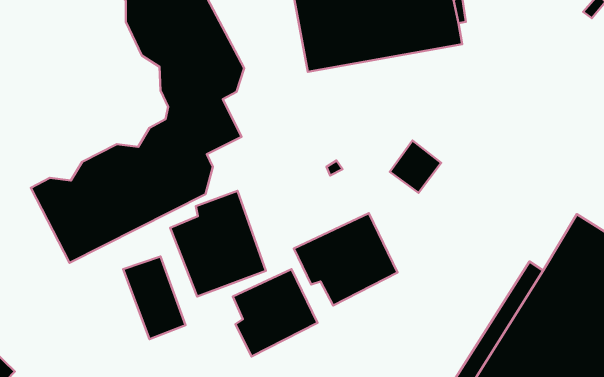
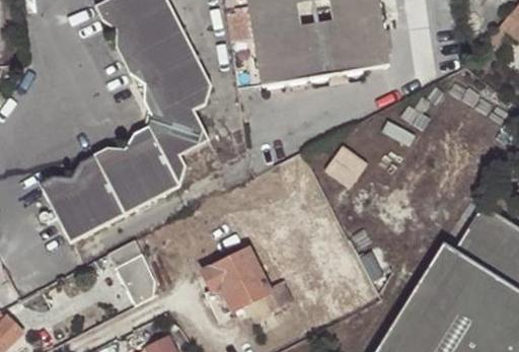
building: [170,191,266,297] -> none
building: [294,213,398,305] -> none

